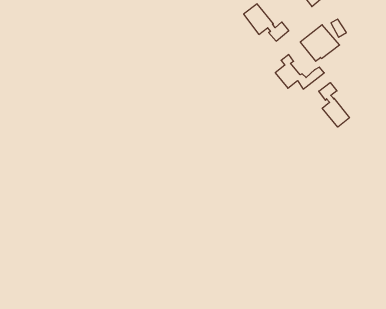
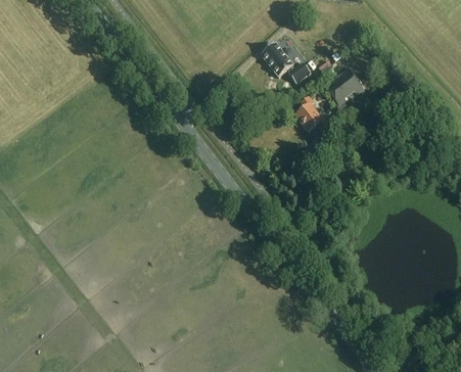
building: [319,83,349,127] -> none

